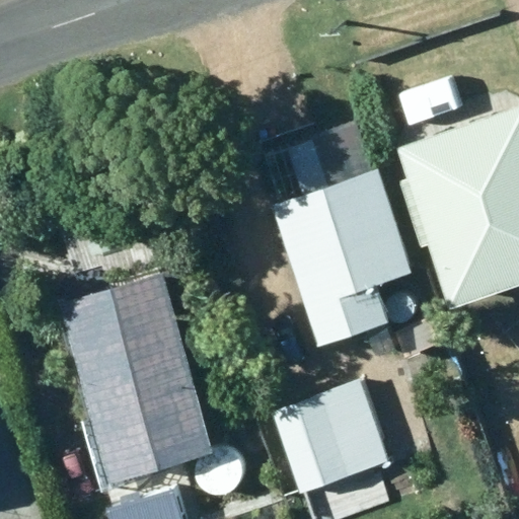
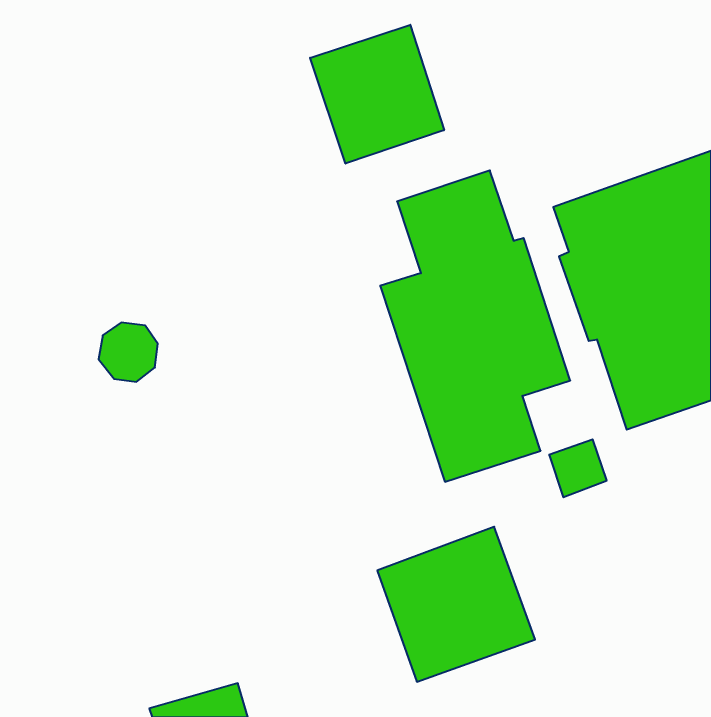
building: none -> [310,25,444,164]
building: [61,273,214,487] -> none

